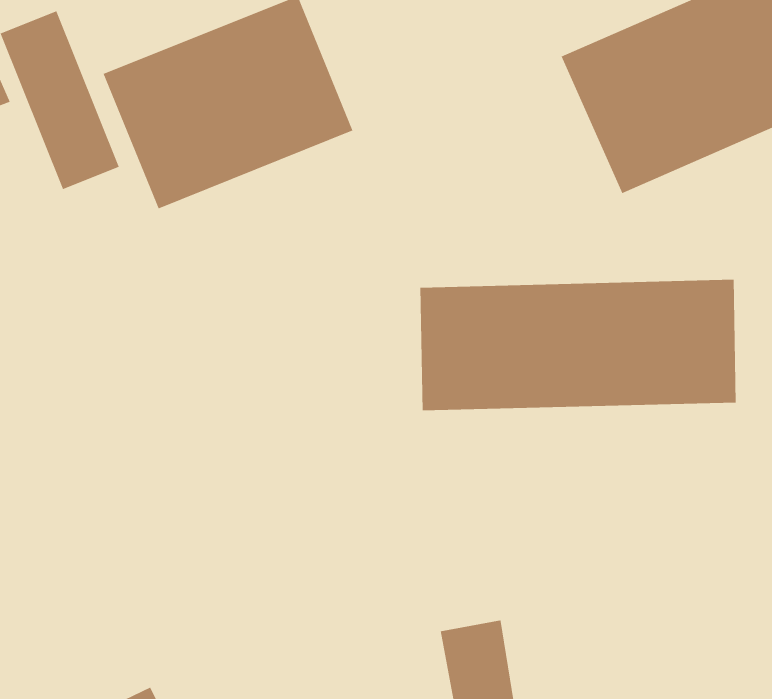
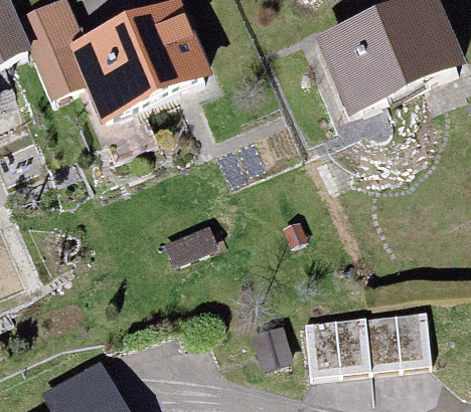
building: [420,279,737,411] -> none
building: none -> [297,314,415,369]

